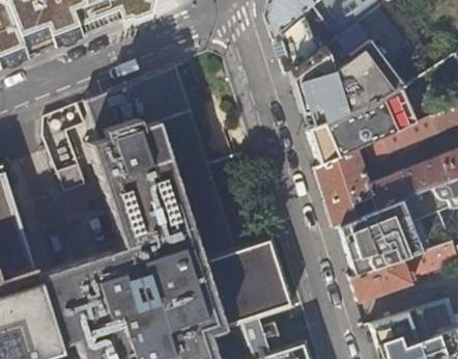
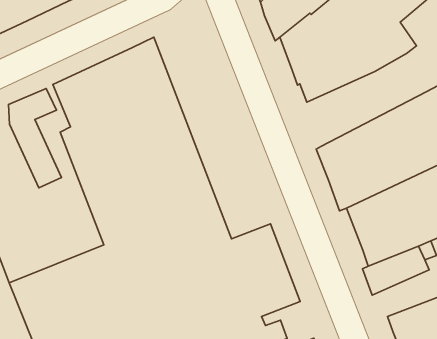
building: [307,91,416,170] -> none

